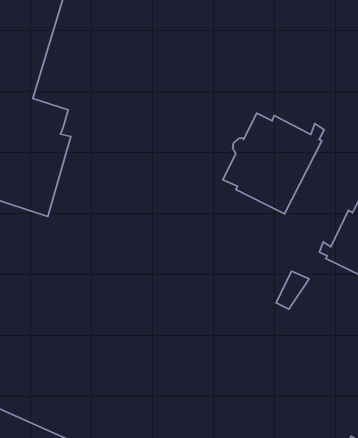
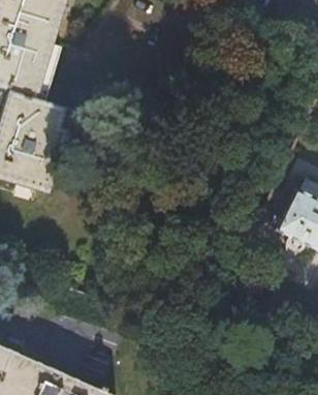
building: [223,113,324,214] -> none

